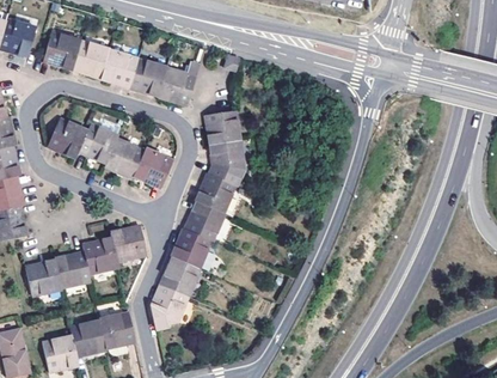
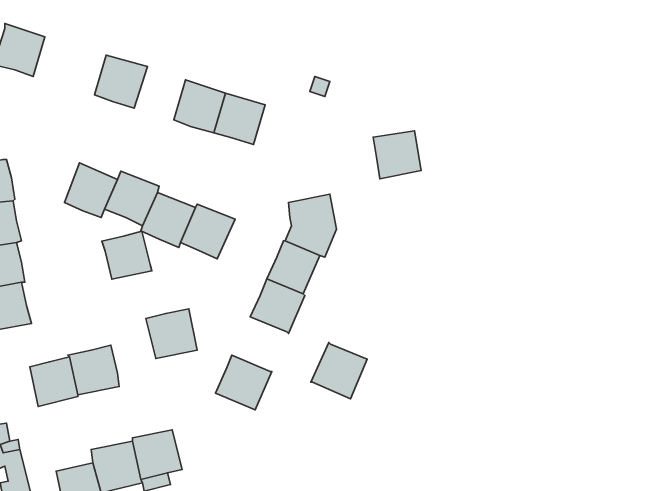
building: [43,31,79,69] -> none
building: [99,49,136,87] -> none
building: [205,112,240,147] -> [373,131,421,179]
building: [168,228,209,269] -> [311,343,367,399]
building: [80,236,116,270] -> [102,231,152,279]
building: [149,285,186,328] -> none

